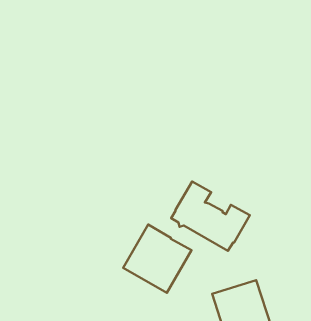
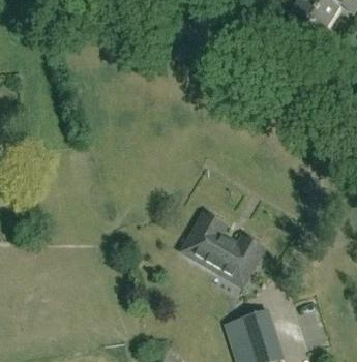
building: [123,225,192,293] -> none

